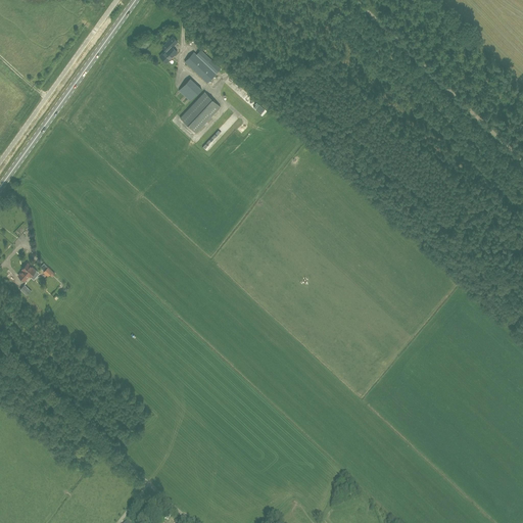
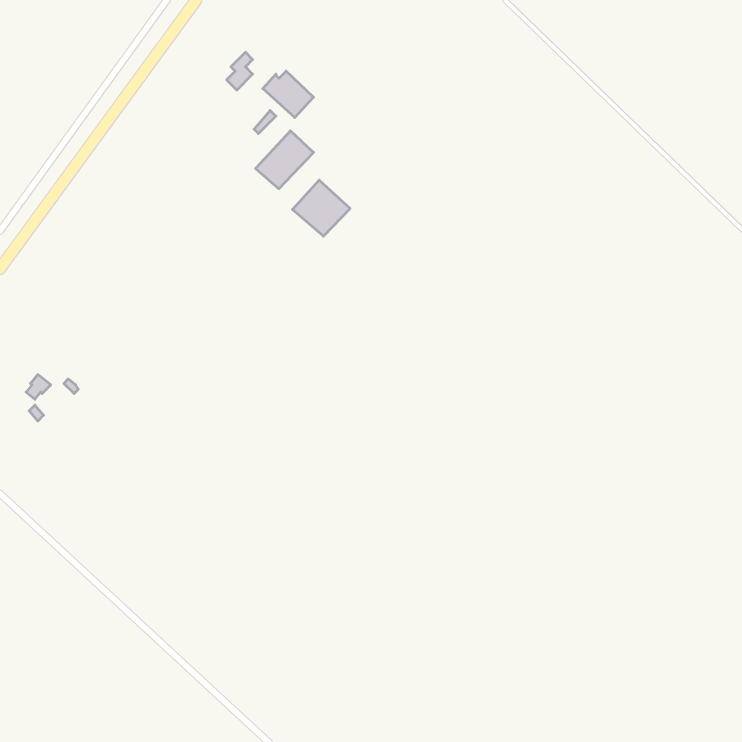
building: none -> [292,180,350,236]

